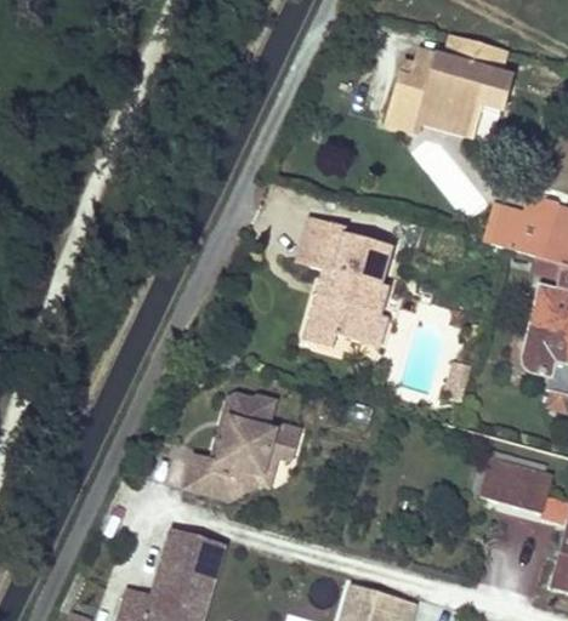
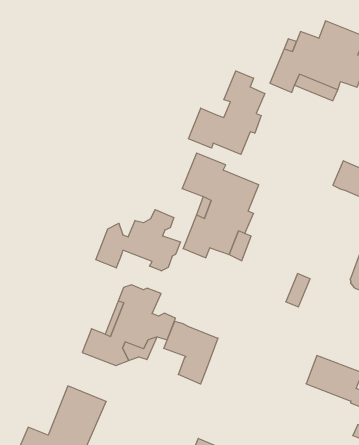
building: none -> [188,71,265,154]
building: none -> [96,210,180,271]
building: none -> [164,321,218,384]

